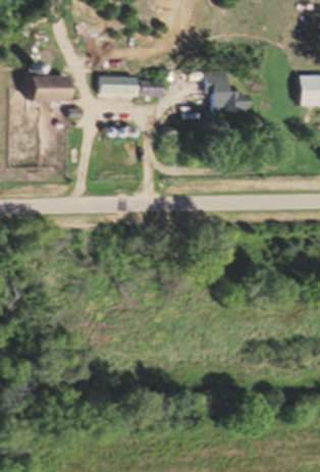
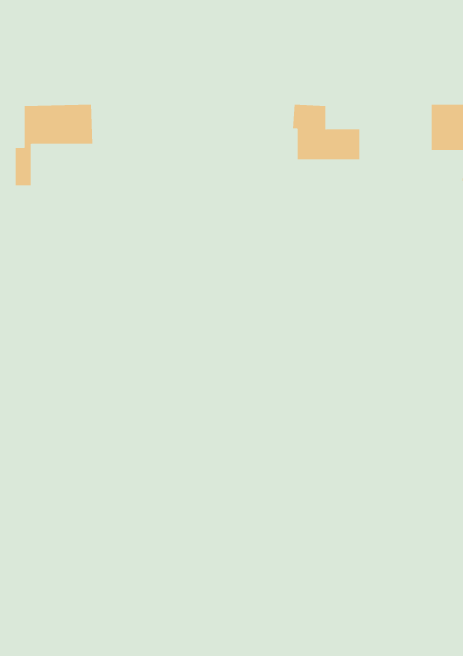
building: [100,77,164,95] -> none

